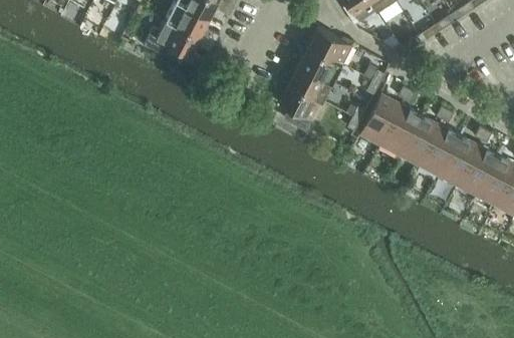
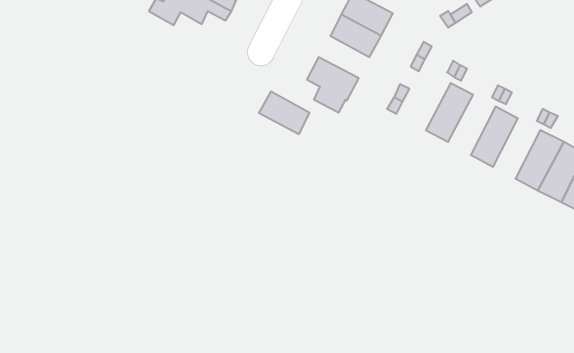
building: [288,65,331,101] -> [259,92,310,134]
building: [358,95,401,145] -> none
building: [399,115,439,166] -> none
building: [437,135,477,187] -> none

